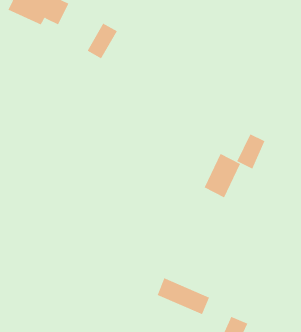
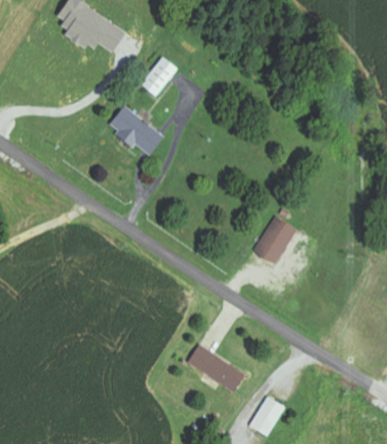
building: none -> [108,106,164,156]
building: [237,133,265,169] -> none

